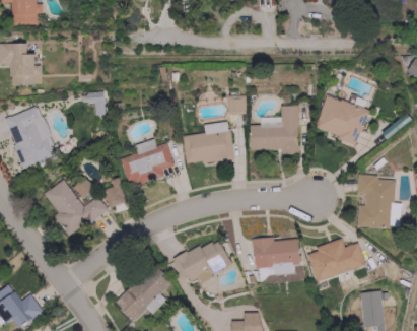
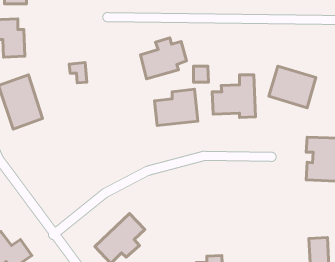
building: [121,139,173,186] -> [140,38,187,79]
building: [103,177,127,206] -> none
building: [44,179,107,237] -> none
building: [254,238,298,274] -> none
building: [173,239,232,282] -> none
building: [308,239,365,280] -> none

